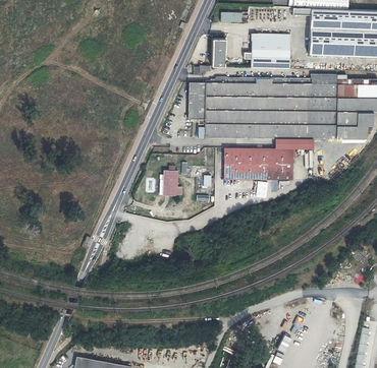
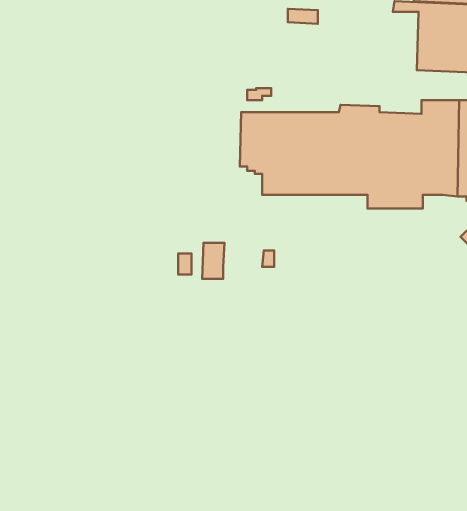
building: [245,33,290,68] -> none
building: [212,39,228,66] -> none
building: [224,147,292,179] -> none

